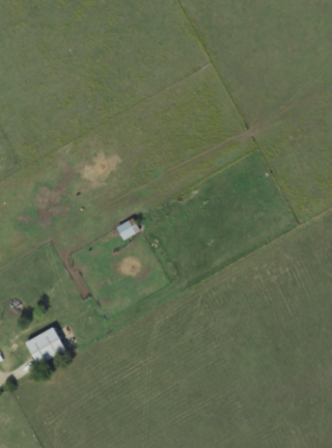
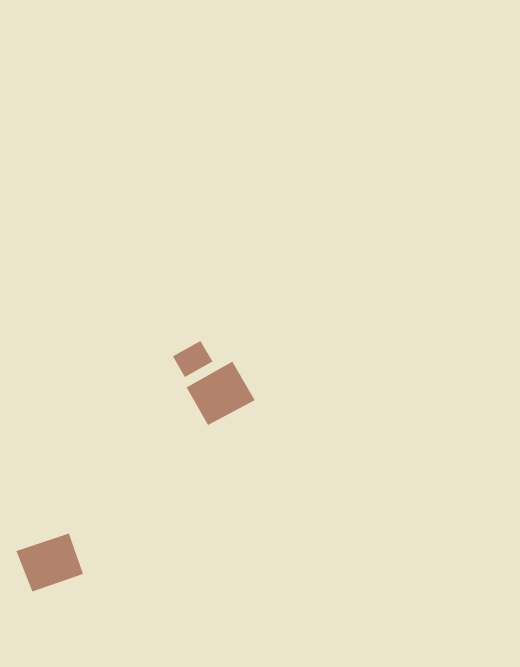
building: none -> [186,361,256,426]

